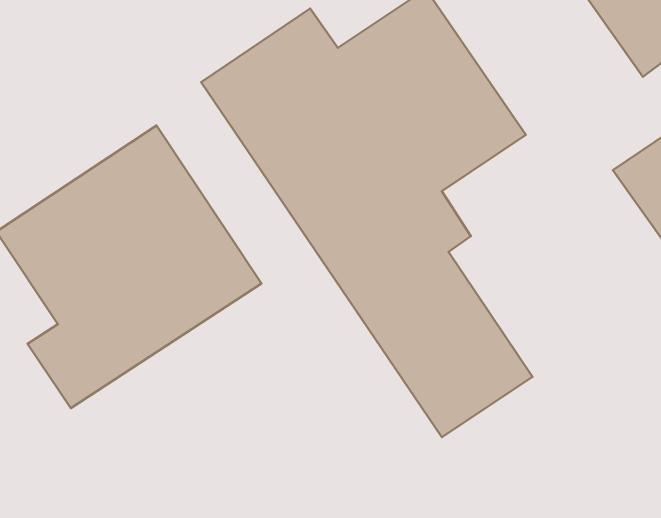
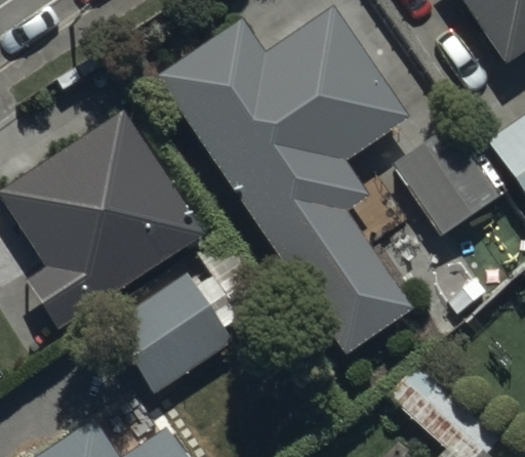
building: none -> [387,126,496,239]
building: none -> [106,272,269,399]

